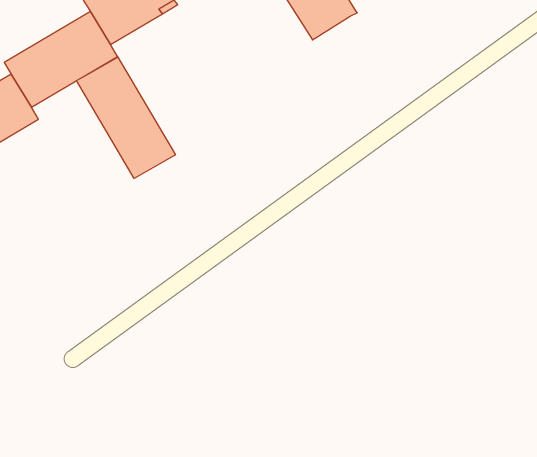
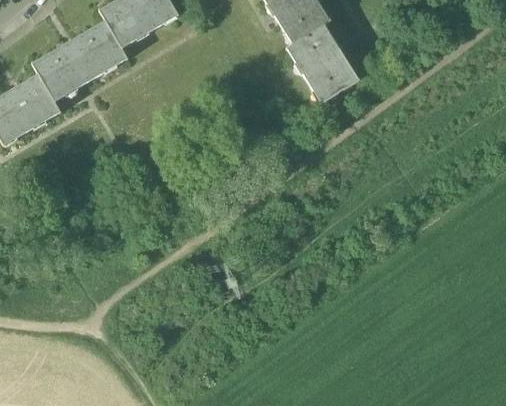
building: none -> [286,24,358,103]
building: [77,57,175,178] -> none

